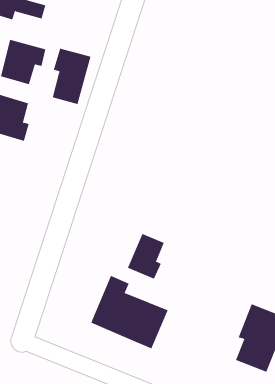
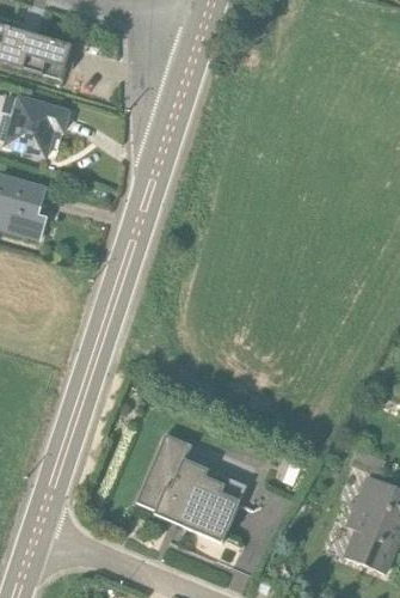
building: [52,48,91,105] -> none
building: [127,233,165,280] -> none

